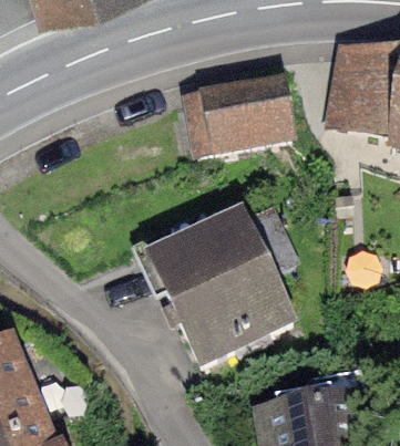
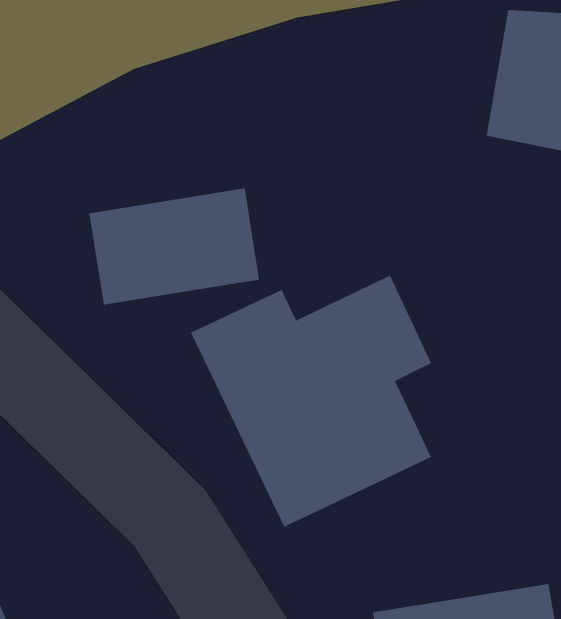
building: [185,83,290,155] -> [89,188,260,305]

